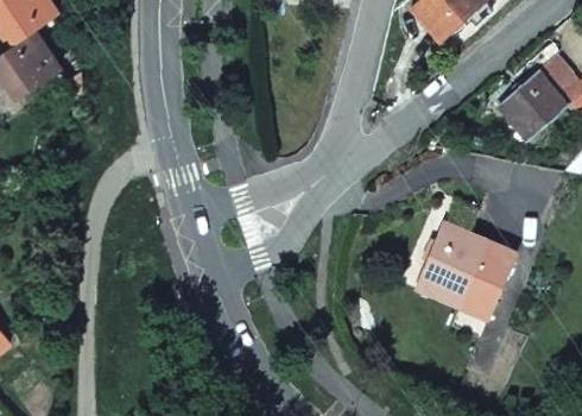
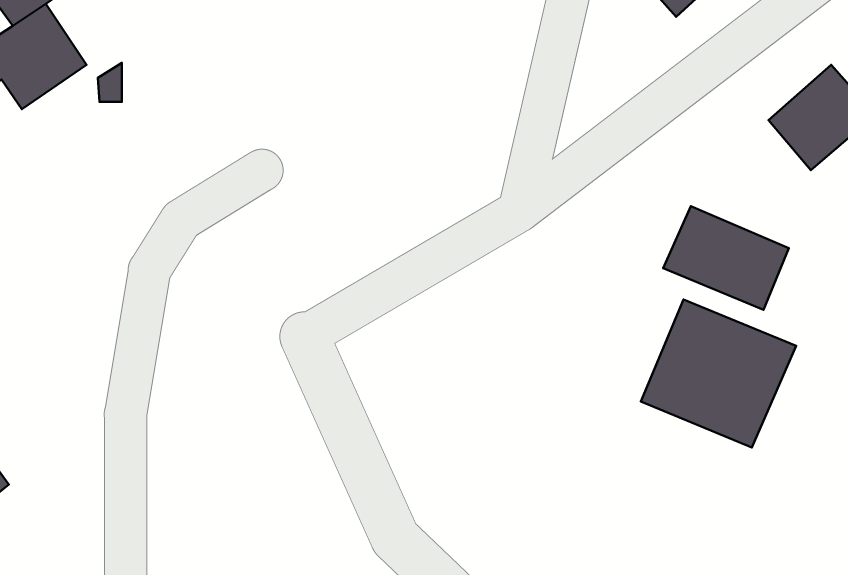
building: none -> [663,206,789,310]

